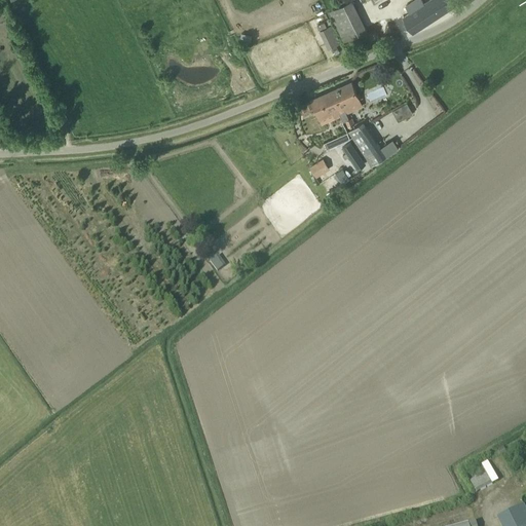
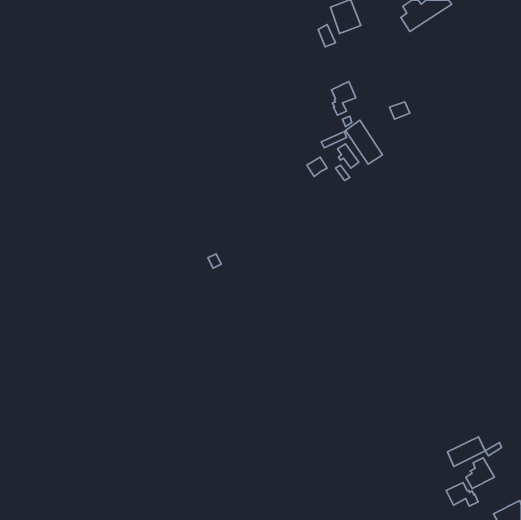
building: [311,91,340,121] -> none
building: none -> [447,437,485,466]
building: none -> [446,482,478,506]

